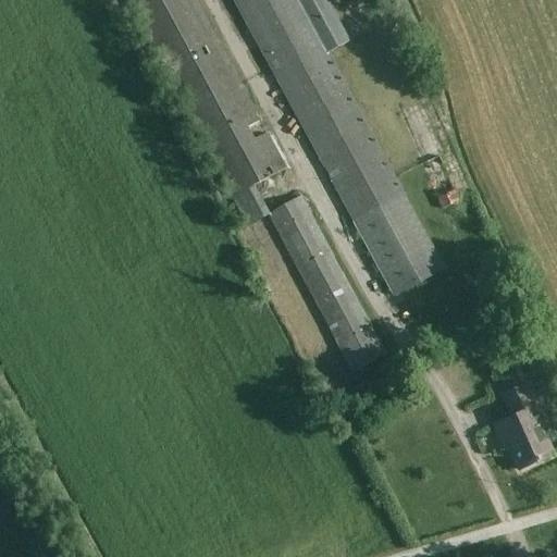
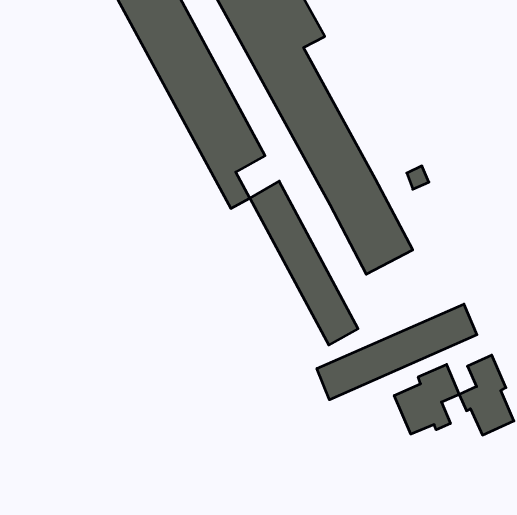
building: none -> [317,304,477,400]
building: none -> [394,364,459,434]

